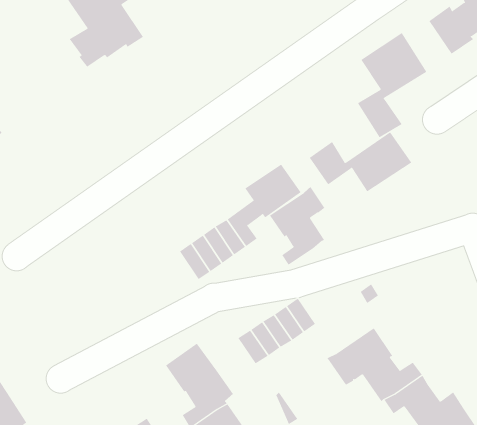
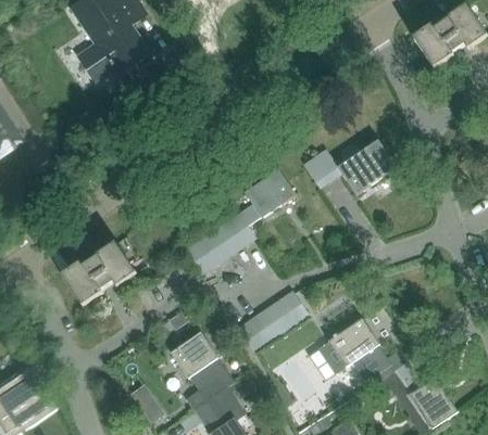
building: [357,32,427,138] -> none
building: [269,186,325,265] -> none
building: none -> [61,241,136,306]

